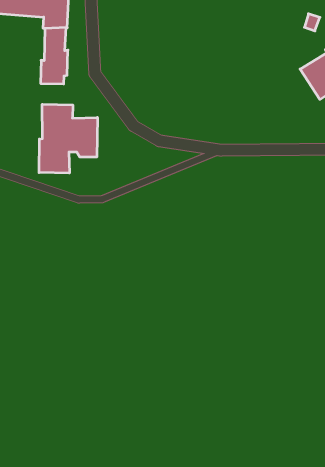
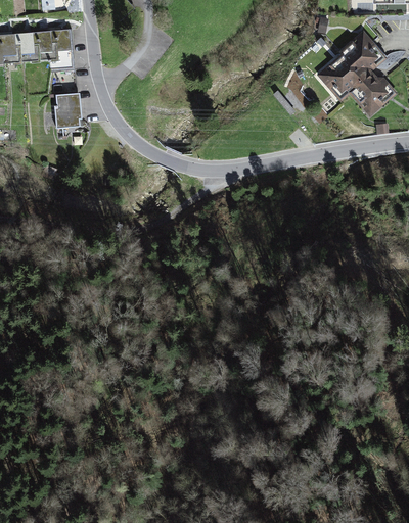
building: [39,104,97,173] -> none

